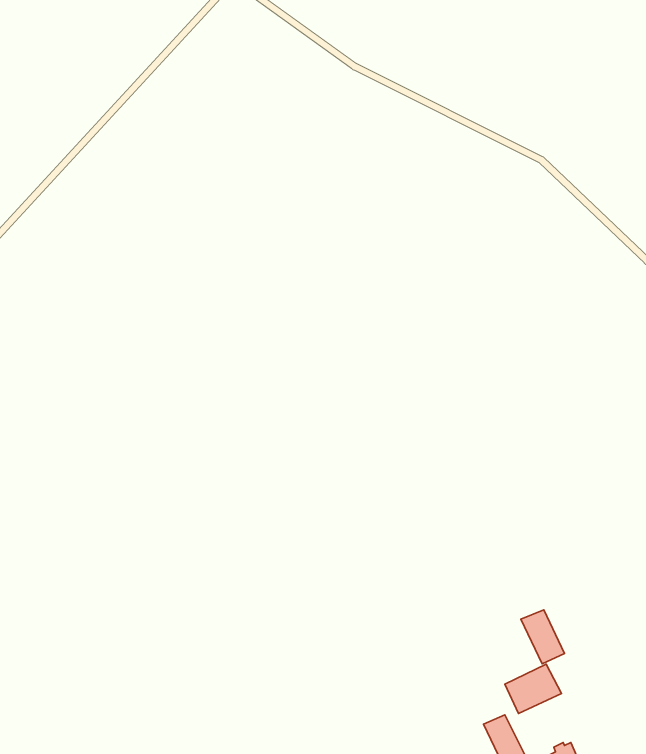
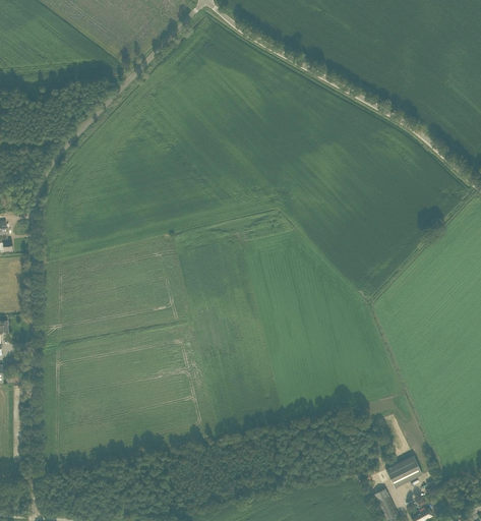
building: [521,610,564,664] -> none

